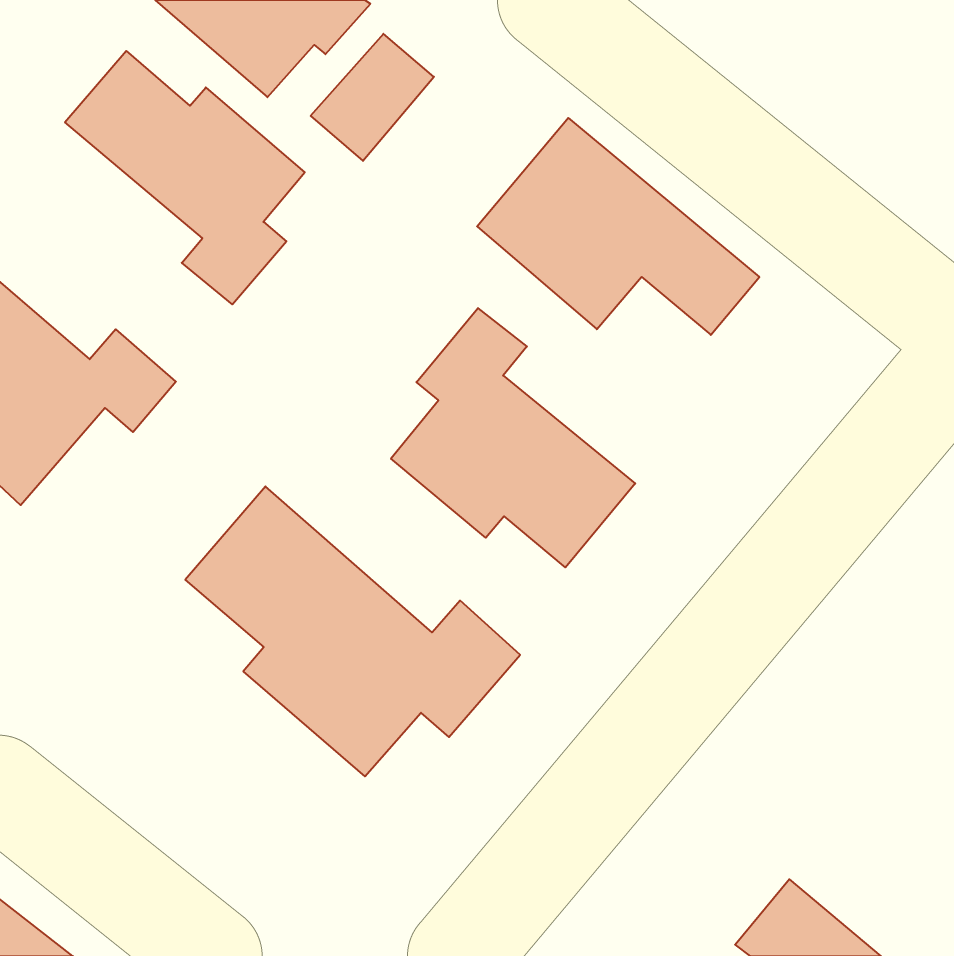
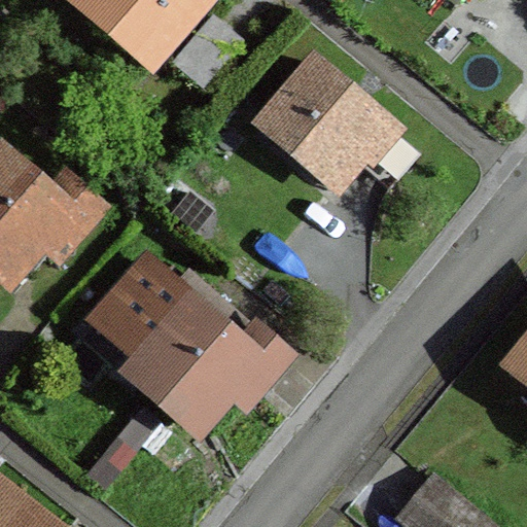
building: [65,51,305,304] -> none
building: [391,308,635,567] -> none

